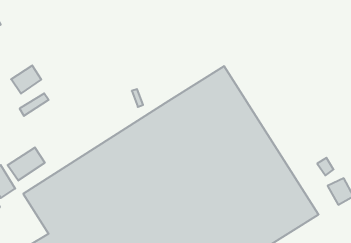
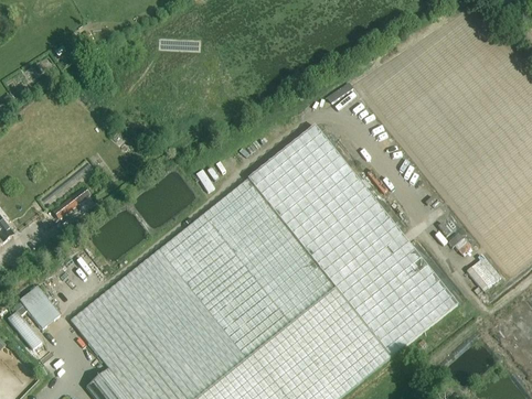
building: [11,65,41,94] -> none
building: [8,147,45,181] -> none

